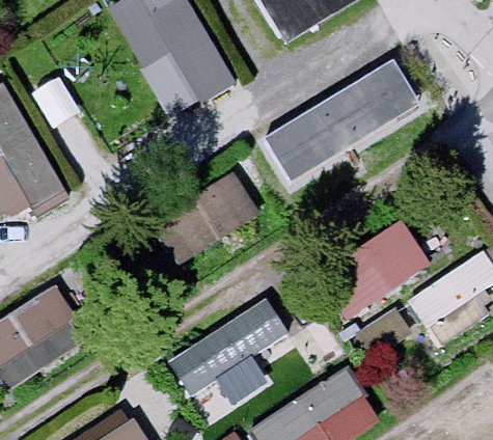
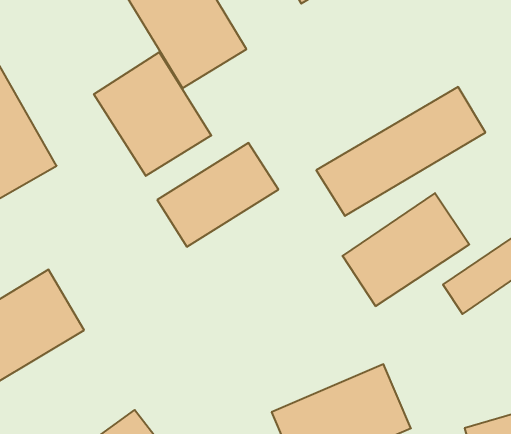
building: [263,64,416,182] -> [316,87,485,216]
building: none -> [94,52,211,176]
building: [168,297,289,424] -> none

